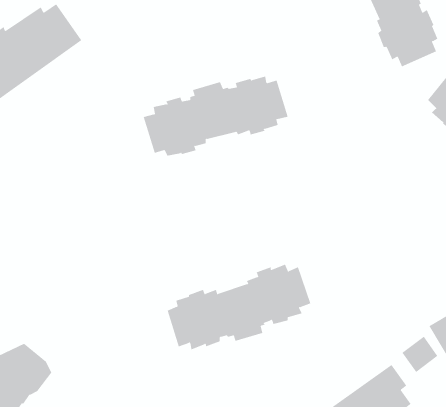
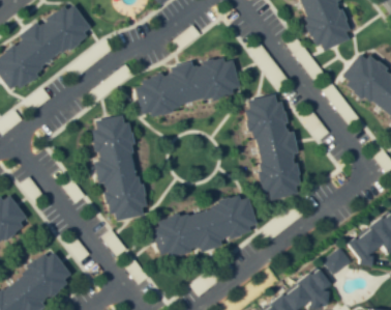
building: none -> [247,94,303,200]
building: none -> [95,115,149,221]

